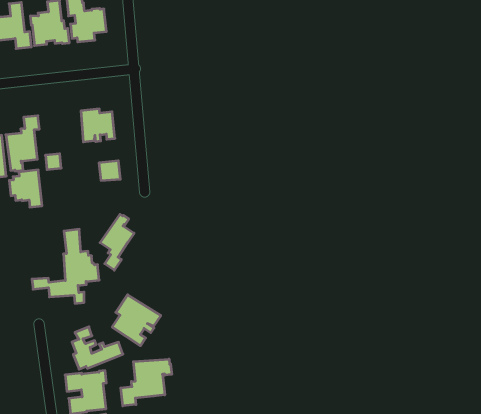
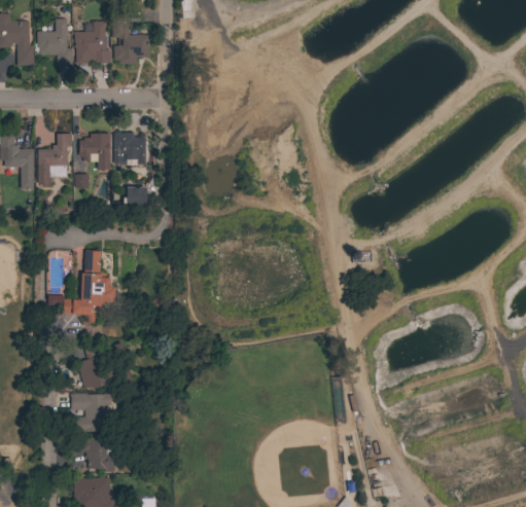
building: [9,170,42,207] -> [80,133,110,169]
building: [100,214,134,270] -> none
building: [112,295,161,346] -> none
building: [121,359,172,406] -> none

